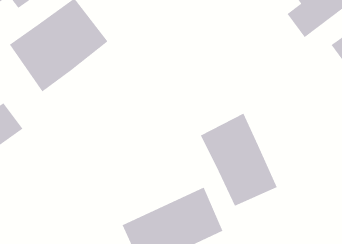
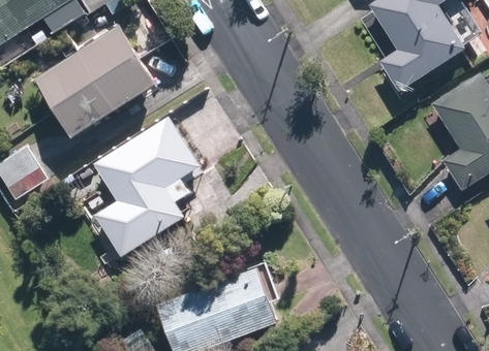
building: none -> [95,114,205,256]
building: [200,113,278,207] -> none

